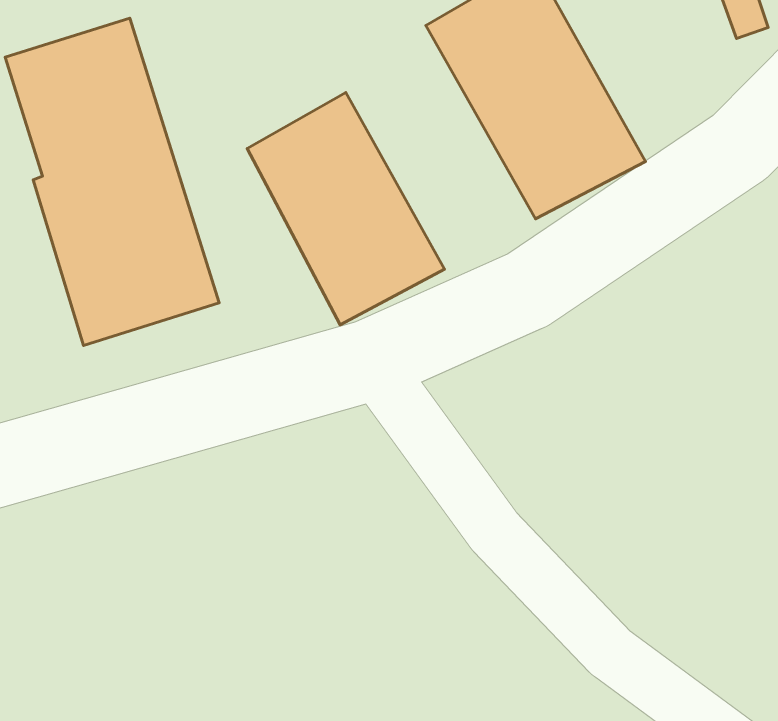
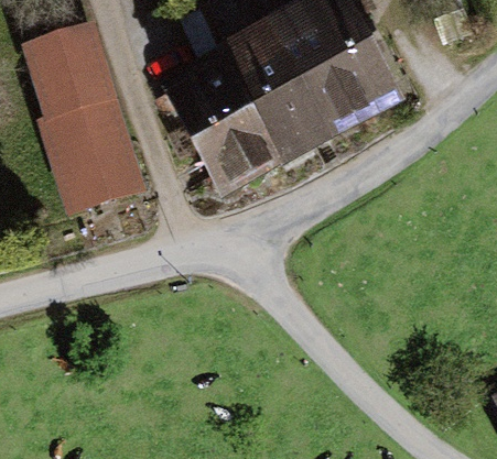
building: none -> [217,20,335,164]

